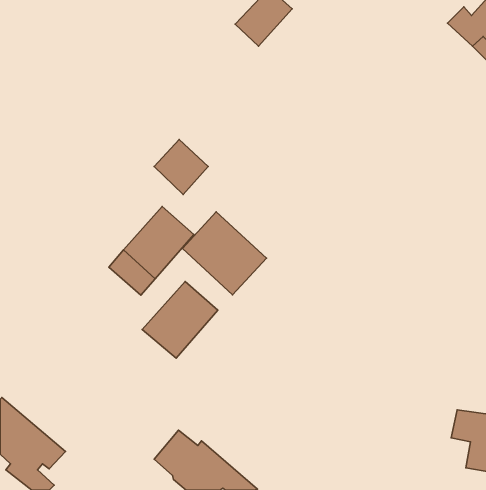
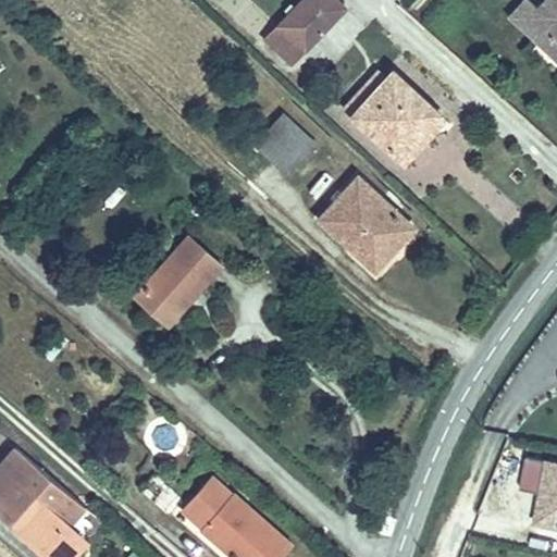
building: none -> [354,73,446,157]
building: [154,139,208,194] -> [257,109,318,171]
building: [182,212,266,295] -> [321,173,416,267]
building: [142,281,218,358] -> none

